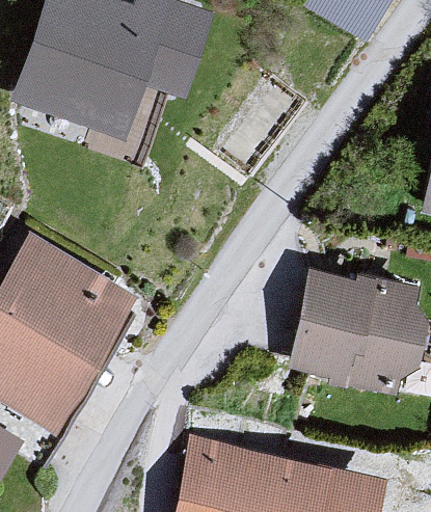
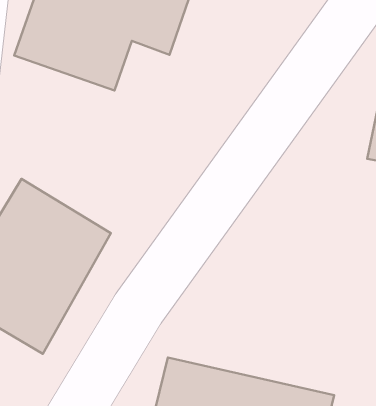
building: [289,272,419,394] -> none

